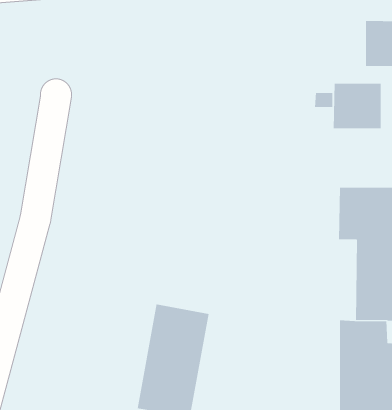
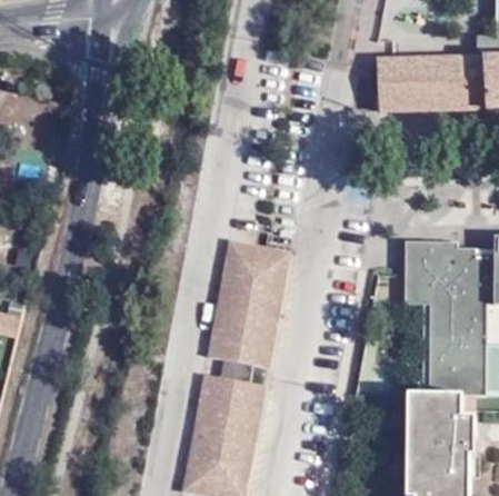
building: [333,83,382,129] -> [382,59,437,110]
building: none -> [208,240,289,368]

